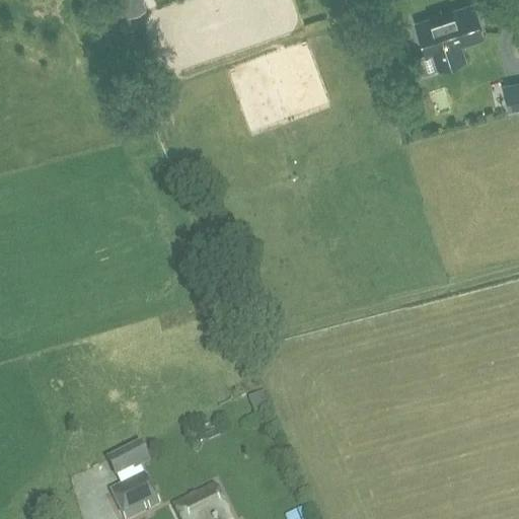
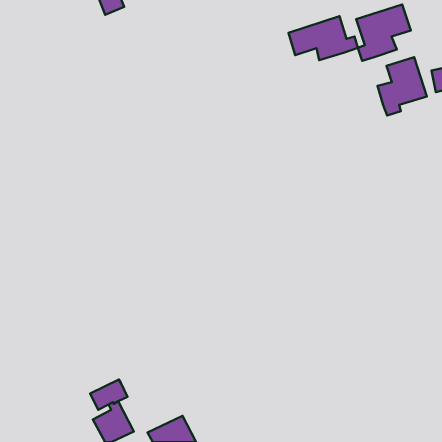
building: none -> [288,16,358,60]
building: none -> [378,57,427,115]

